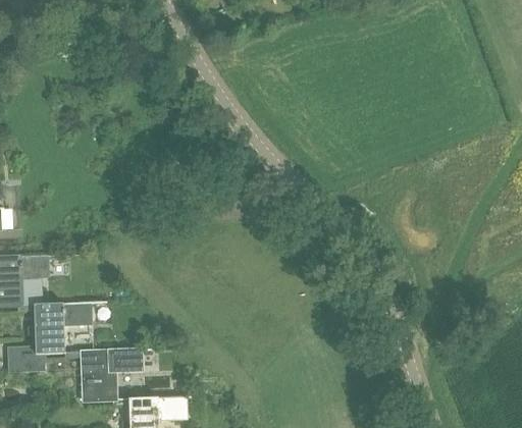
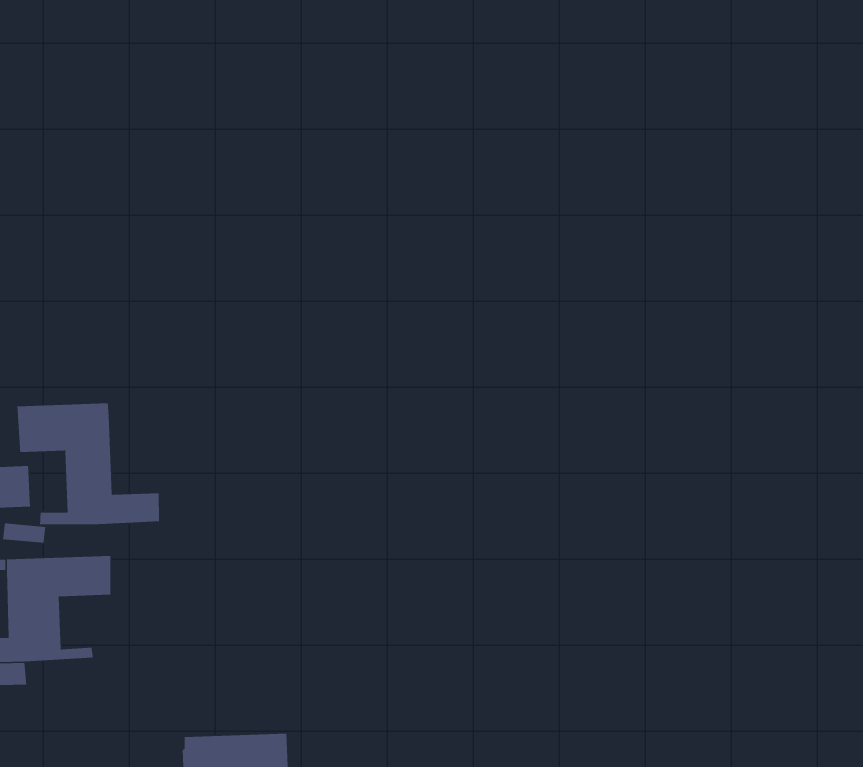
building: none -> [16,402,160,525]
building: [81,349,143,406] -> none

